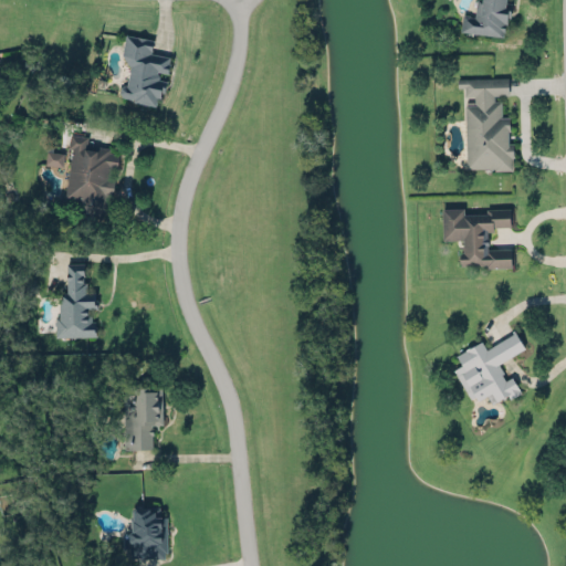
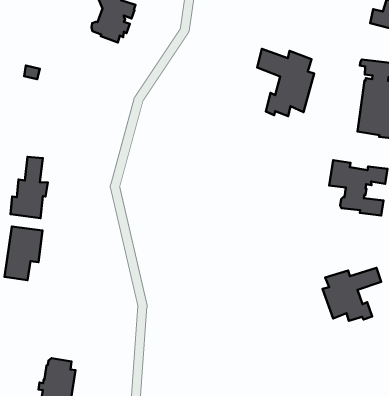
building: none -> [257,49,314,116]
building: [65,136,118,220] -> none
building: [123,387,163,451] -> [5,227,43,280]

